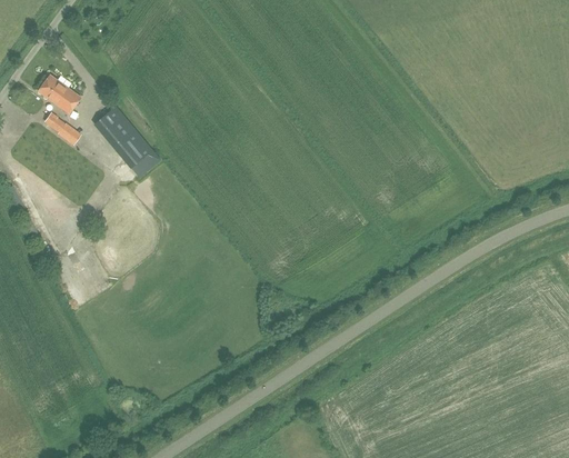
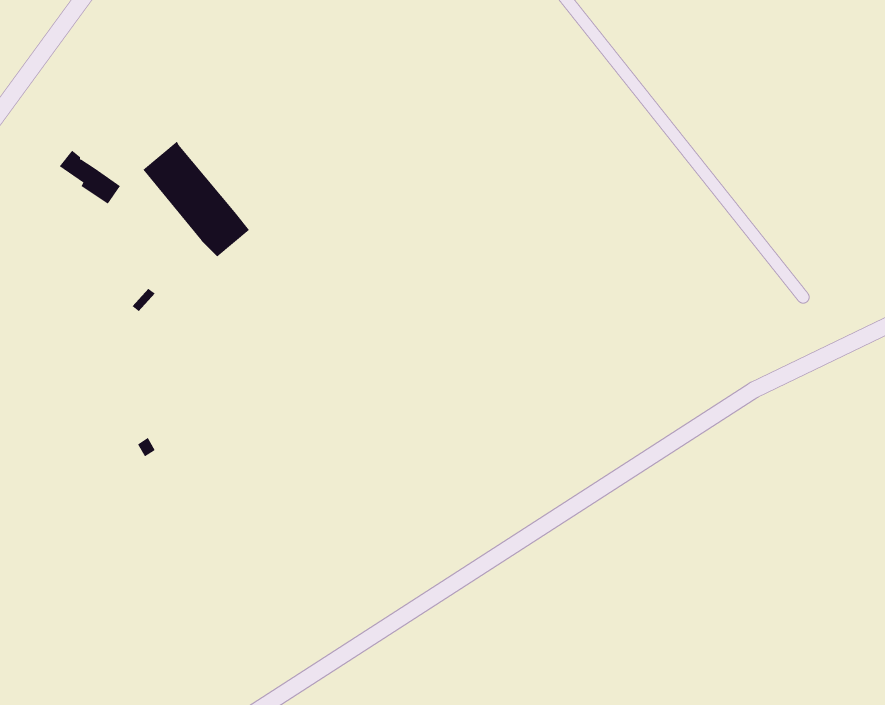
building: [38,73,80,113] -> none

